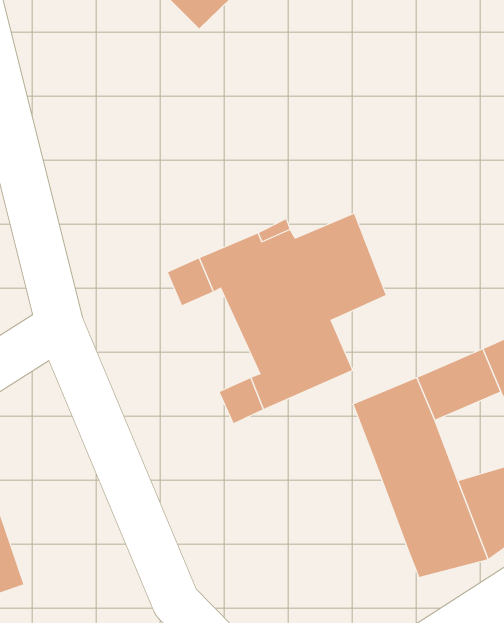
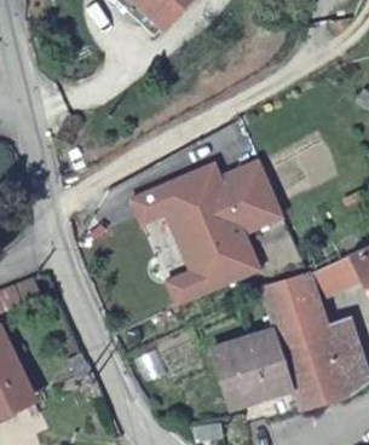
building: none -> [211,325,294,400]

